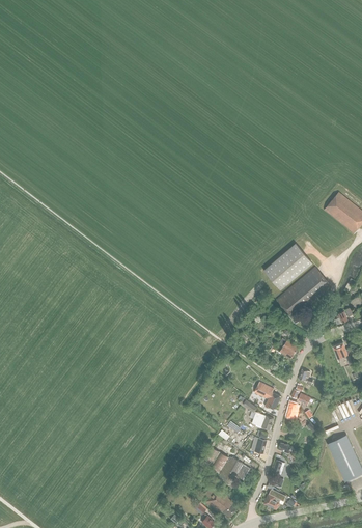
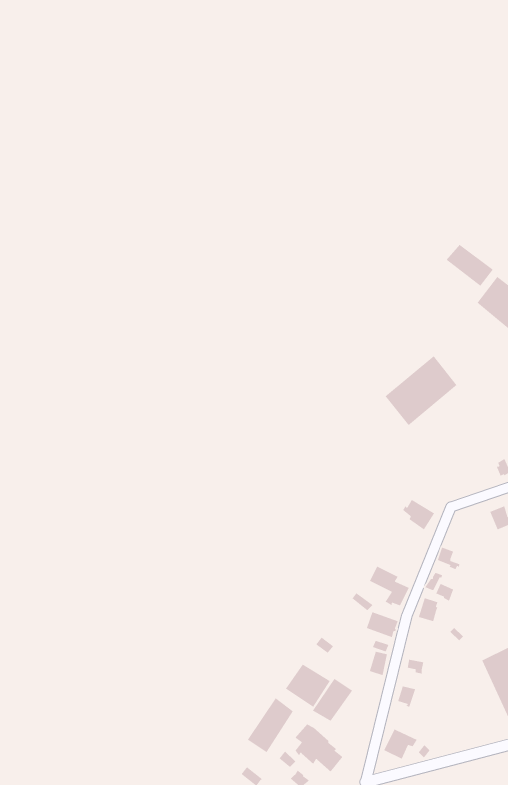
building: none -> [445,244,494,287]
building: [276,267,331,322] -> none
building: none -> [247,697,294,753]

